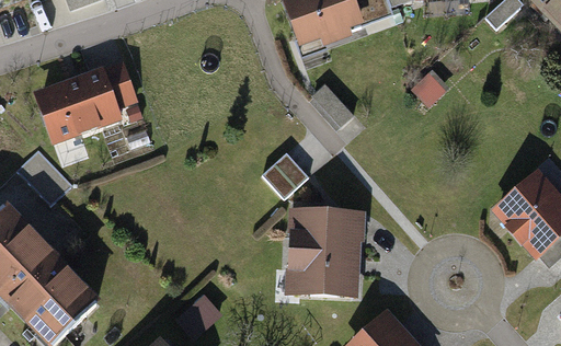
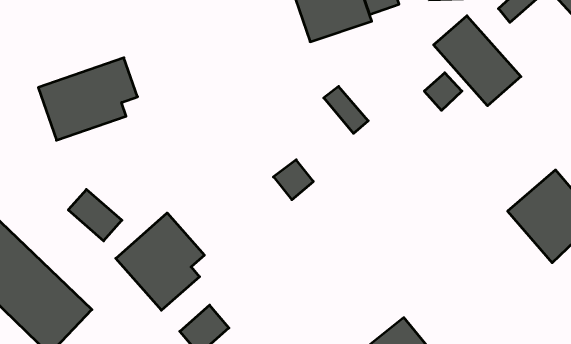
building: none -> [434,16,521,106]
building: [20,151,71,200] -> [68,189,122,241]
building: none -> [116,213,204,310]
building: [288,214,364,292] -> none

